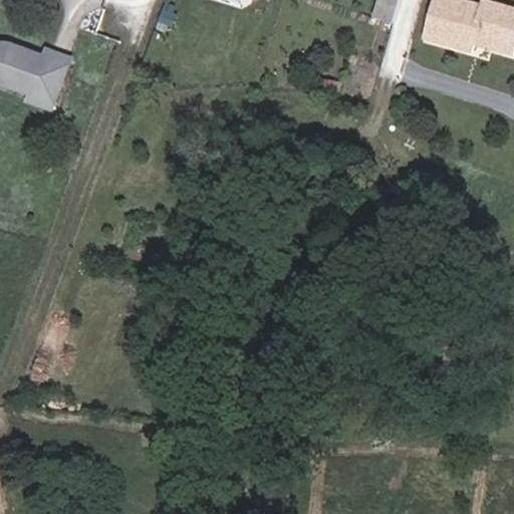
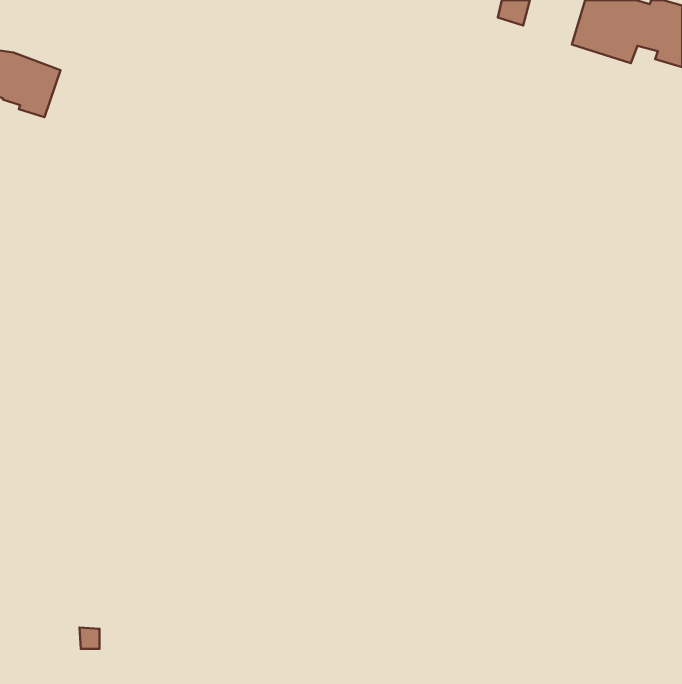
building: [30,48,69,105] -> none

